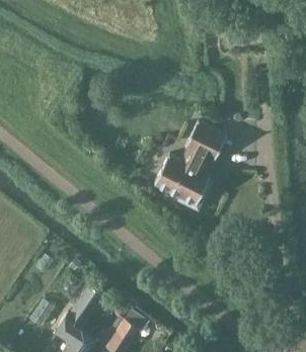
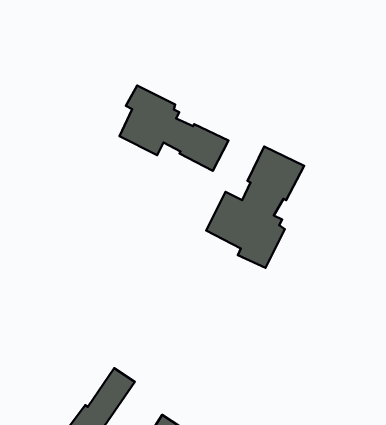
building: none -> [119,86,229,171]

